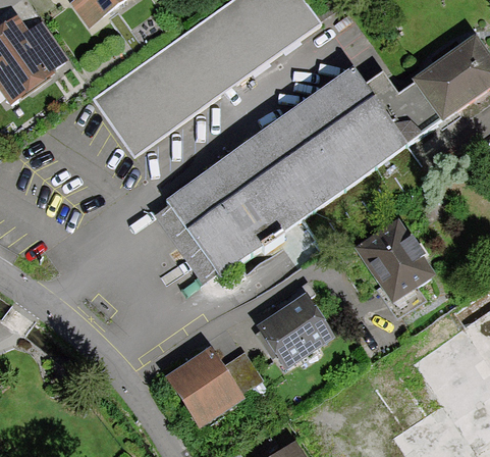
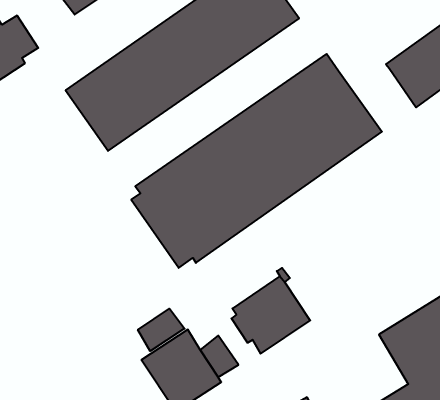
building: [365,69,443,144] -> none
building: [356,216,438,318] -> none
building: none -> [138,309,185,351]

